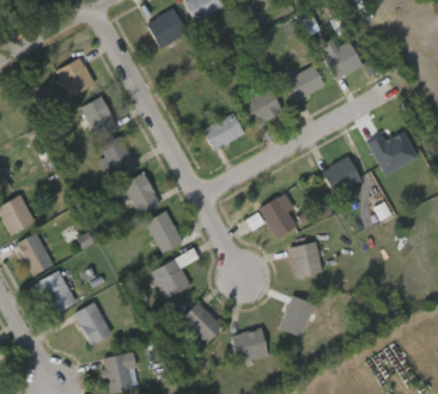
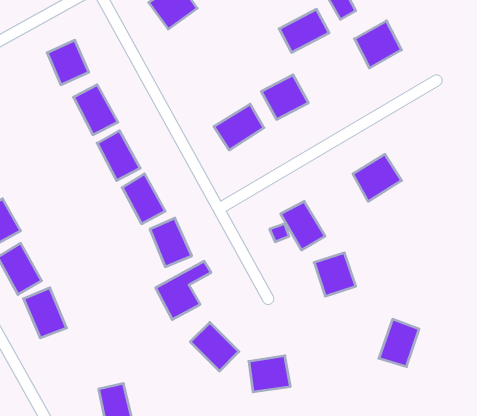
building: [282,65,326,102] -> [279,9,329,52]
building: [369,129,413,168] -> none
building: [279,296,314,337] -> [379,319,419,367]
building: [72,302,111,345] -> none

